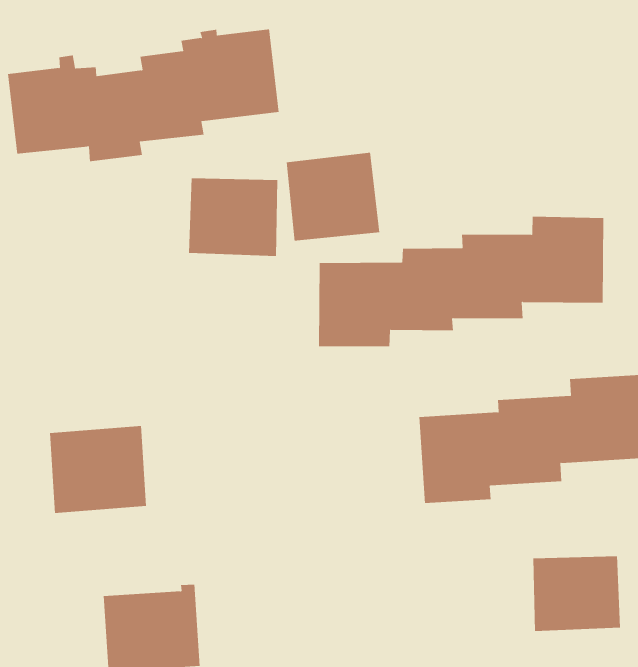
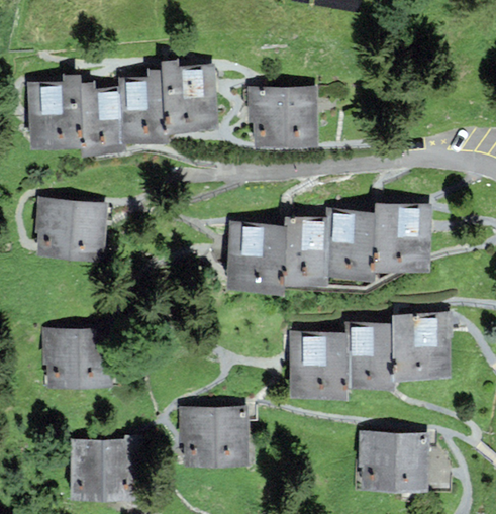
building: [286,152,380,241] -> [251,88,311,144]
building: [188,178,278,257] -> [38,199,102,255]
building: none -> [183,408,243,459]

